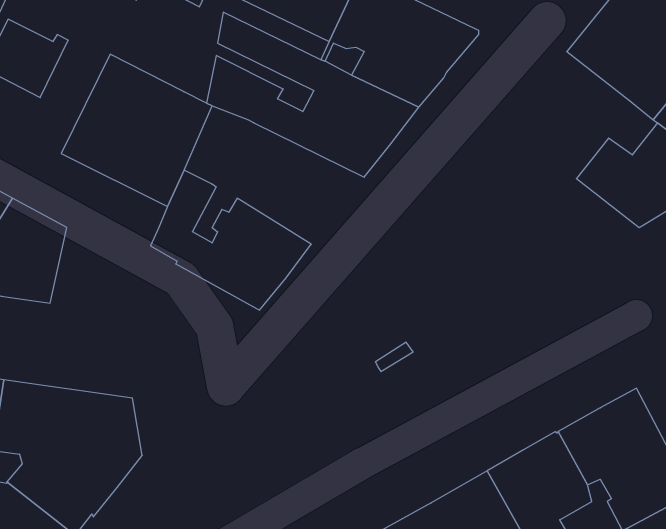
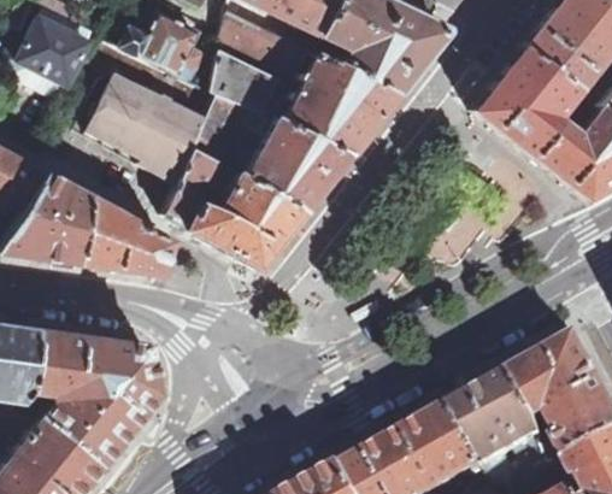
building: none -> [118,10,202,80]
building: none -> [471,45,575,154]
building: none -> [190,92,246,159]
building: none -> [235,106,346,211]
building: none -> [75,196,167,274]

